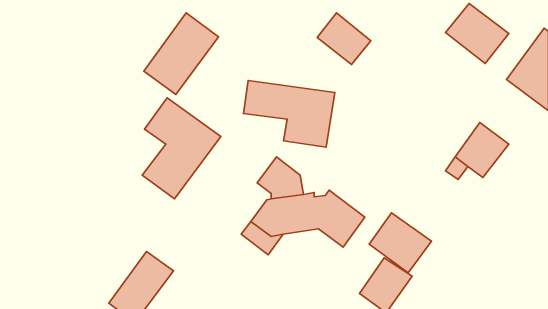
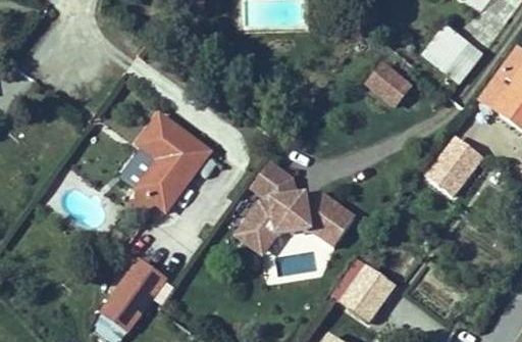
building: [144,13,219,94] -> none
building: [317,13,371,64] -> [364,58,415,107]
building: [244,80,335,147] -> none
building: [369,213,431,273] -> none

